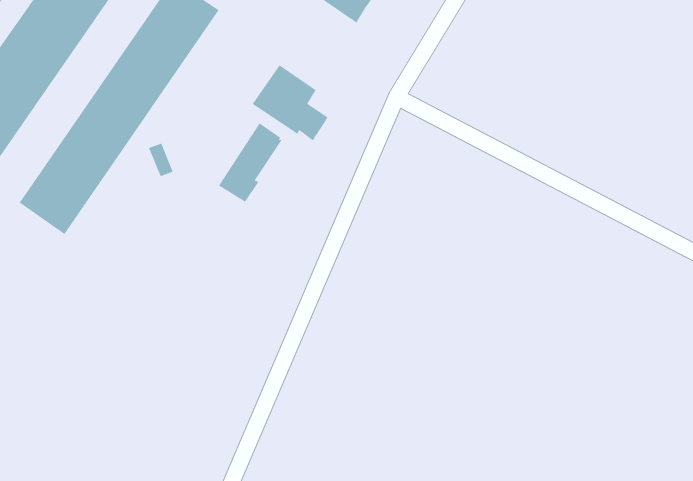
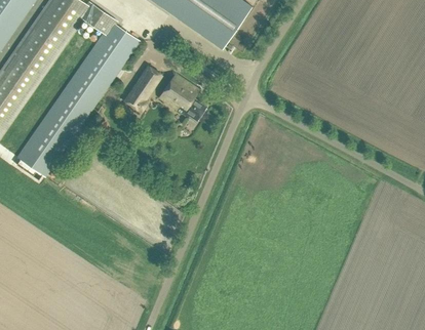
building: [218,122,283,202] -> [122,63,161,111]

